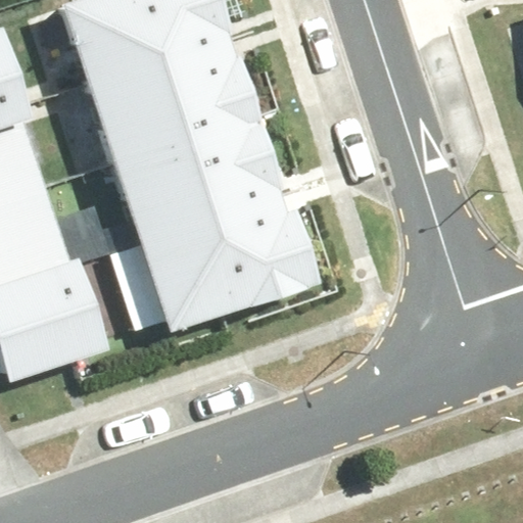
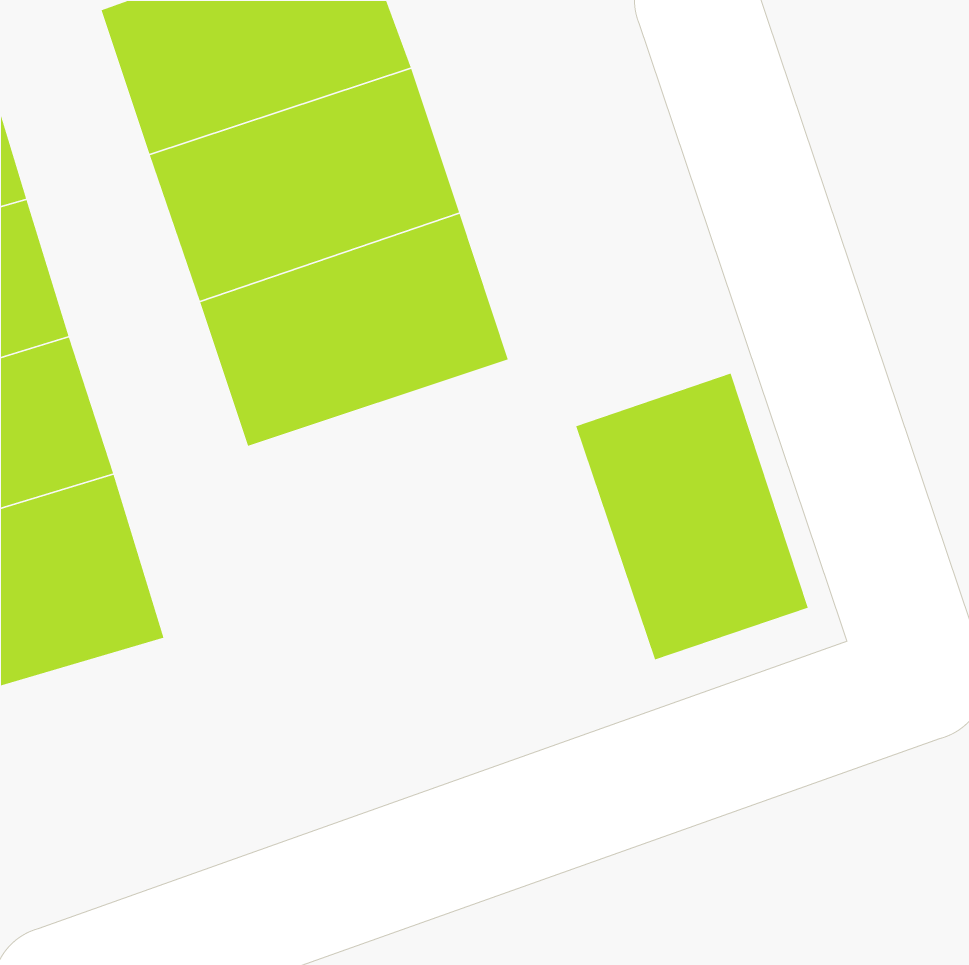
building: [141,202,305,326] -> none
building: none -> [575,373,809,660]

